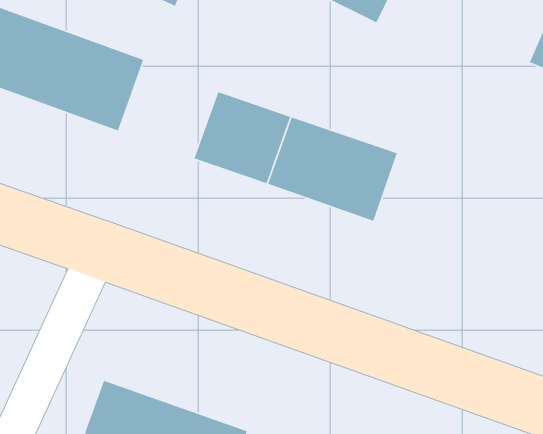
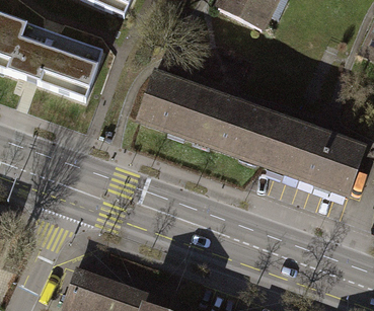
building: none -> [258,115,365,193]

